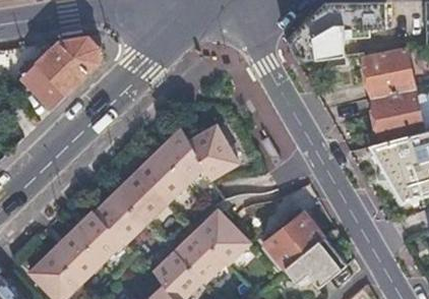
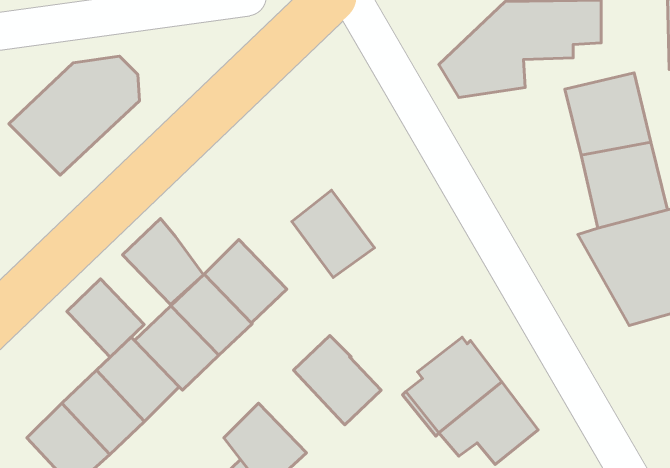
building: [161,127,210,180] -> [123,218,204,304]
building: none -> [67,279,144,357]
building: [173,230,225,283] -> none

